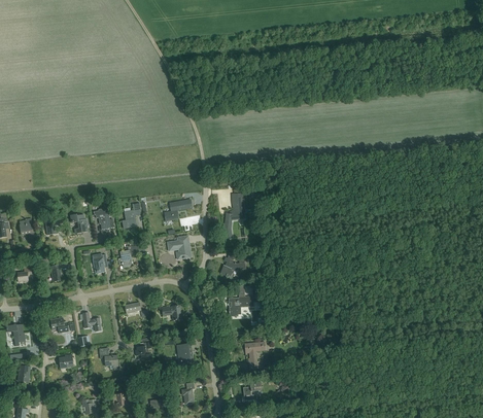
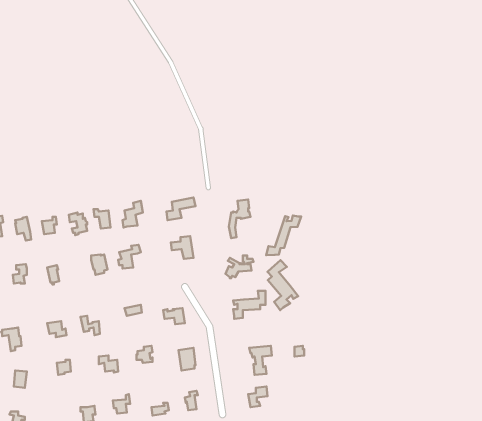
building: none -> [266,216,301,255]
building: none -> [267,260,298,310]

